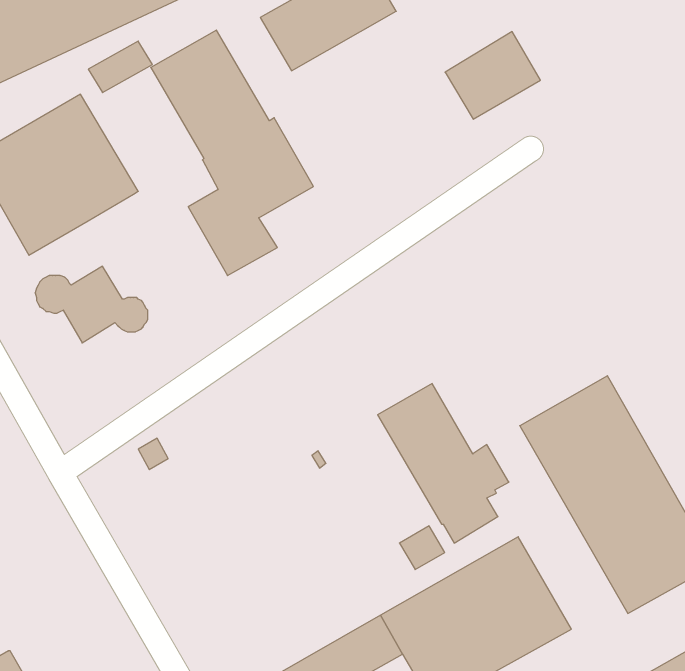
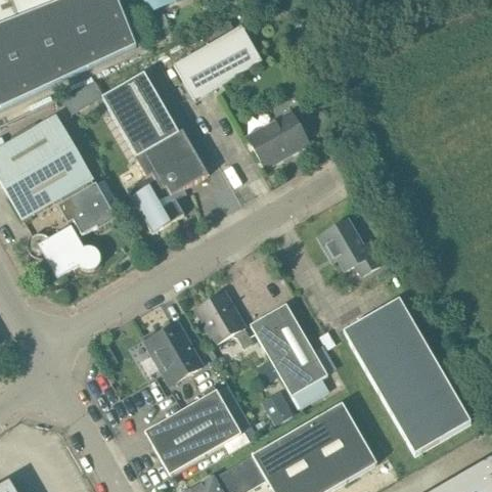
building: [445,32,540,119] -> [247,109,309,167]
building: none -> [57,179,116,234]
building: none -> [318,219,379,274]
building: none -> [195,290,253,347]
building: none -> [142,322,202,384]
building: none -> [144,389,241,474]

